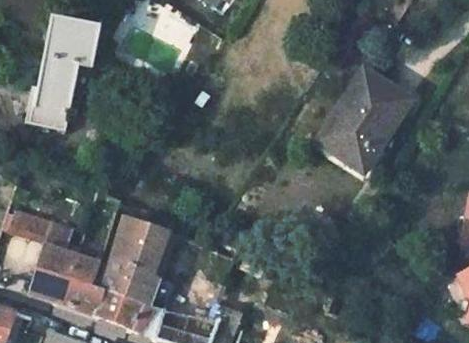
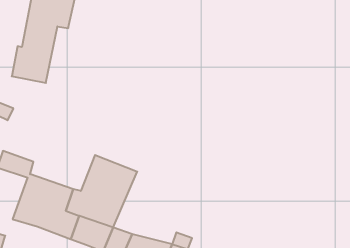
building: [325,72,412,172] -> none

